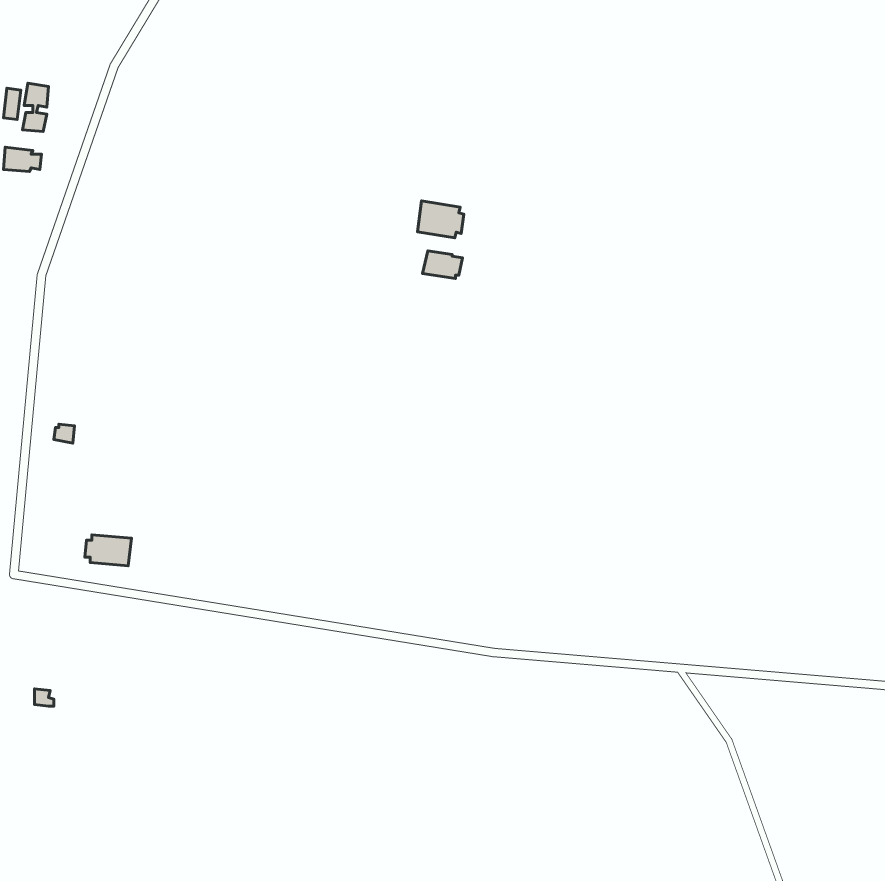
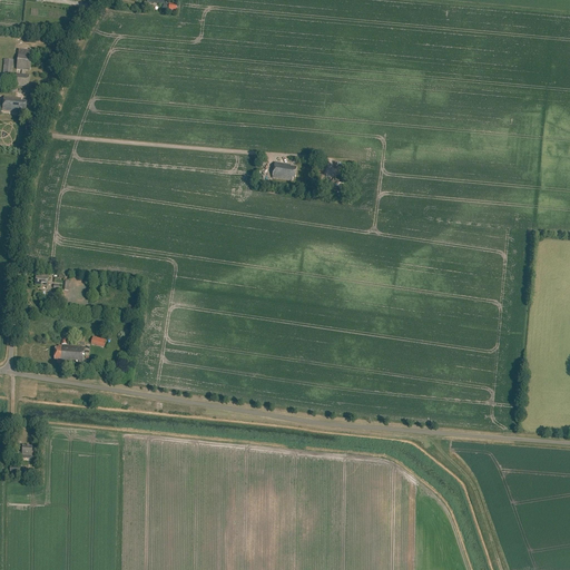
building: [417,201,464,238] -> none

